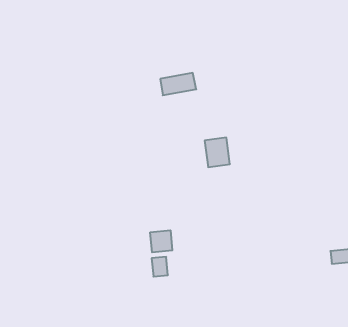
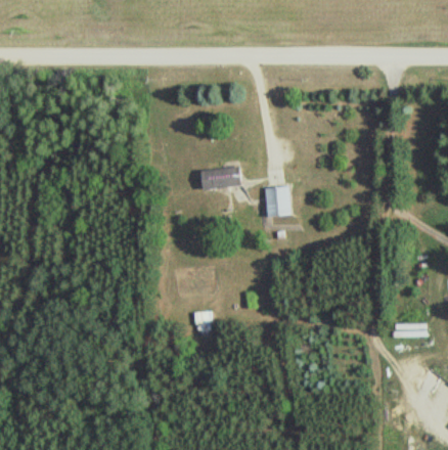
building: [160,73,196,95] -> [203,167,241,188]
building: [150,230,172,252] -> none

